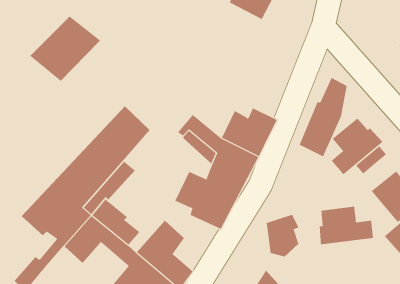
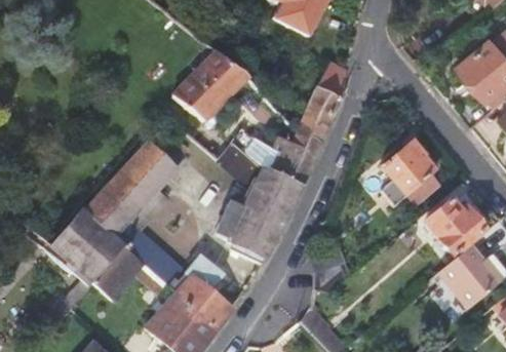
building: [29,16,101,82] -> [172,49,249,120]
building: [299,77,347,157] -> [297,58,349,145]
building: [319,206,373,245] -> none

